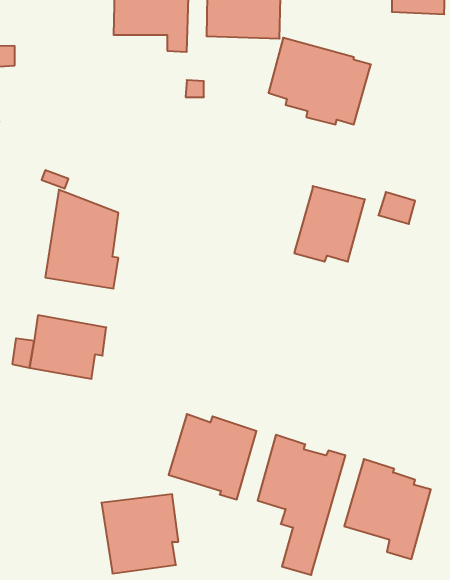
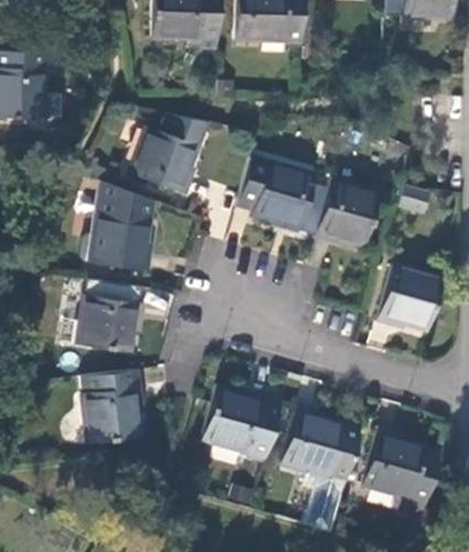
building: [268,38,371,124] -> [239,155,332,234]
building: none -> [129,113,211,198]
building: none -> [376,262,441,331]
building: [101,494,178,573] -> [77,370,147,442]

